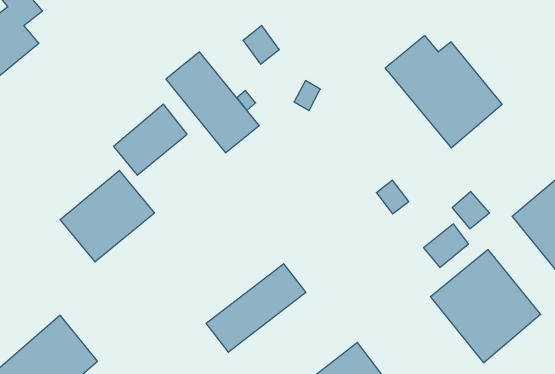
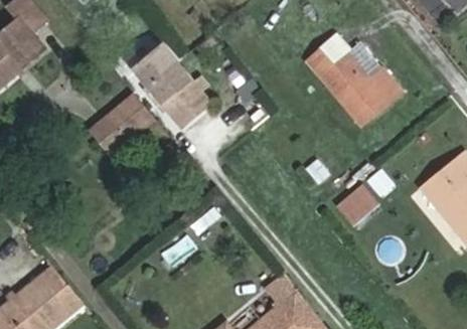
building: [60,170,154,262] -> none
building: [430,250,541,363] -> none
building: [206,264,306,352] -> none

